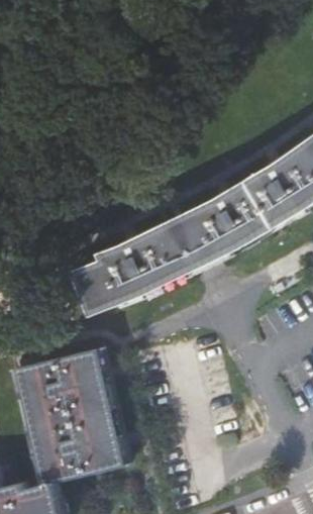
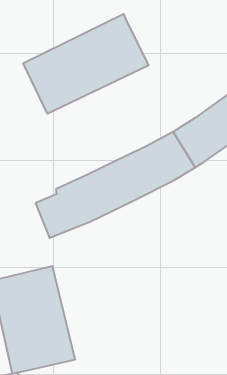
building: none -> [23,14,149,114]

